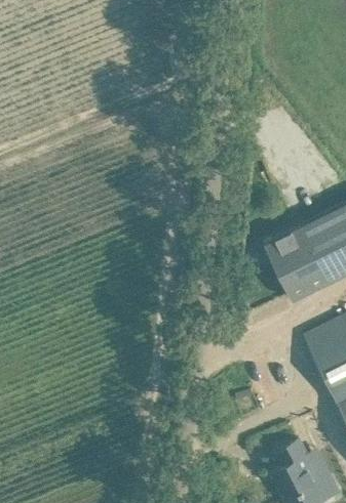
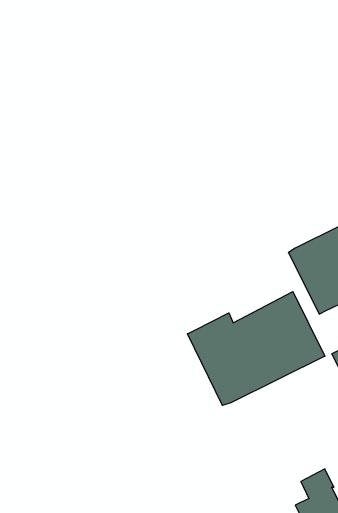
building: none -> [187,292,325,405]

